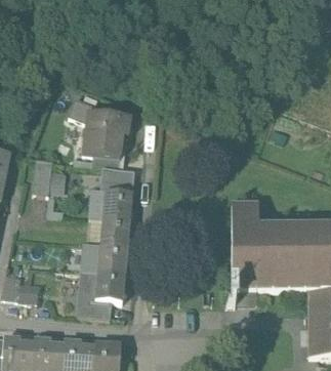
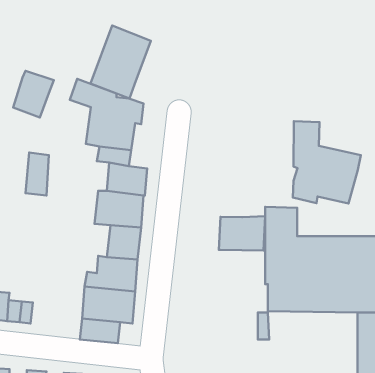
building: none -> [91,26,151,99]
building: none -> [13,71,54,118]
building: none -> [293,121,361,203]
building: none -> [219,216,265,251]

